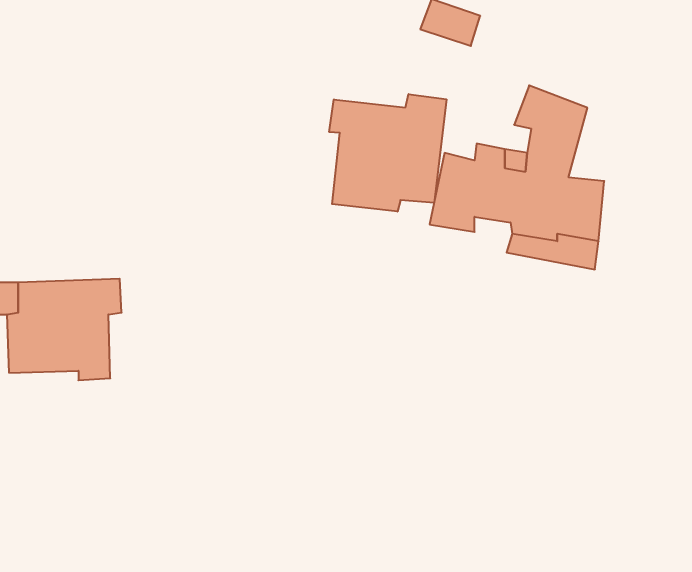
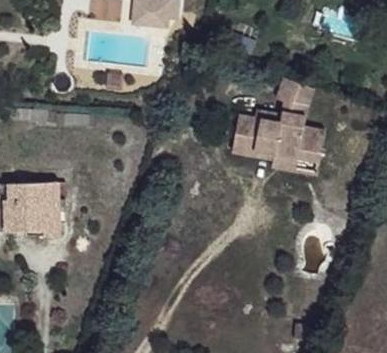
building: [329,94,446,212] -> none

